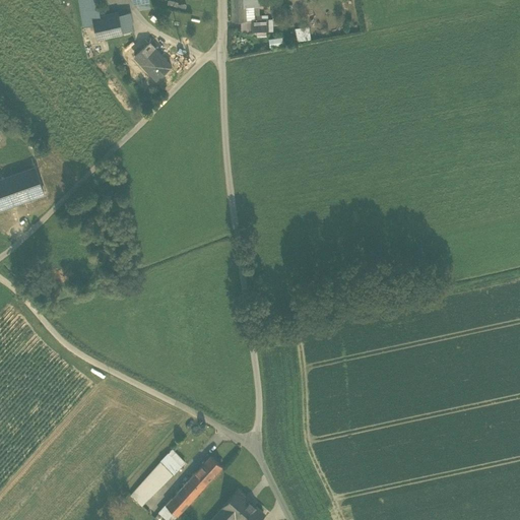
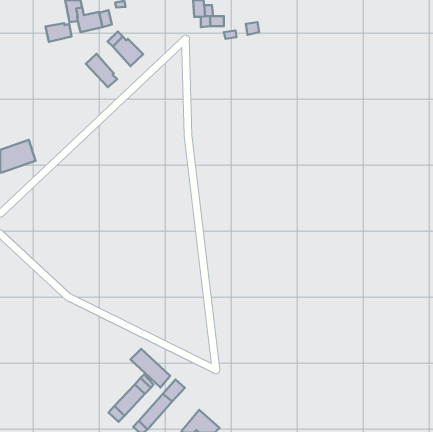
building: none -> [45,23,71,42]
building: none -> [86,54,117,87]
building: none -> [130,349,170,388]

